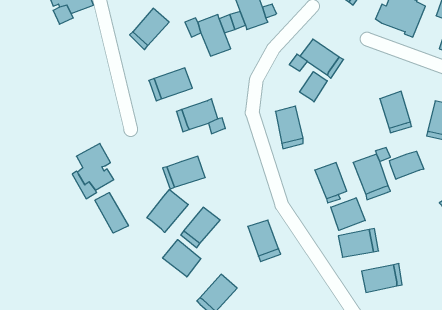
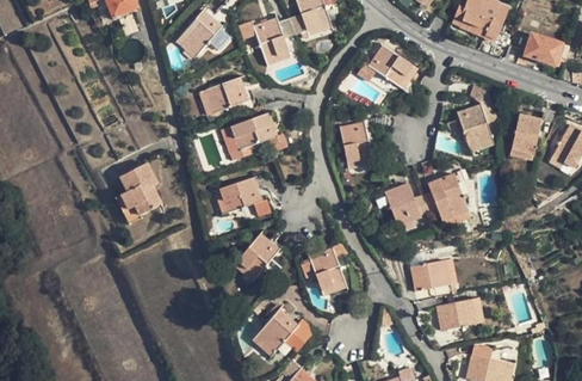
building: [300,72,327,102] -> none
building: [389,151,424,179] -> none
building: [147,190,188,232] -> none
building: [95,193,128,233] -> none
building: [331,198,365,230] -> none
building: [163,240,201,277] -> none

